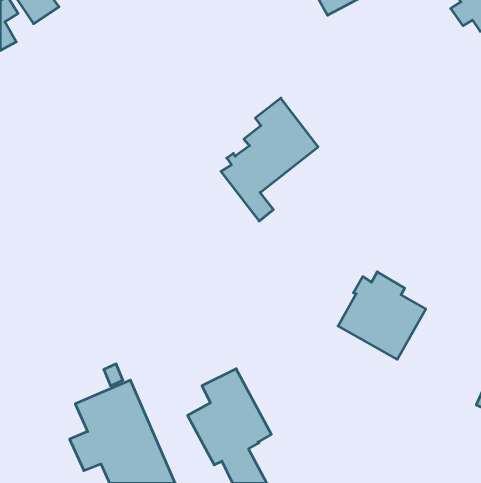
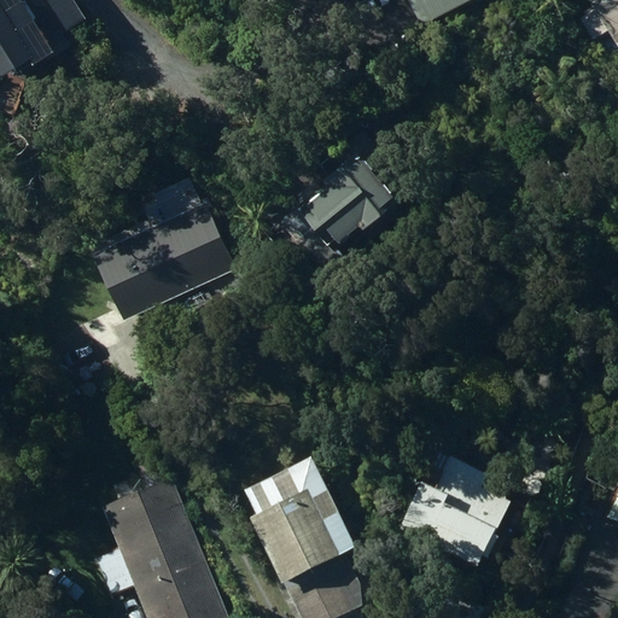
building: none -> [95,199,235,316]
building: [338,272,426,359] -> [395,466,506,577]

